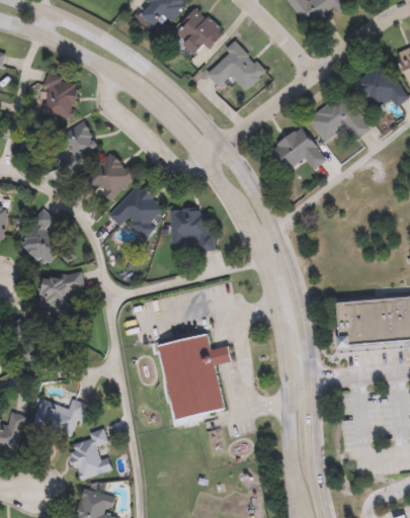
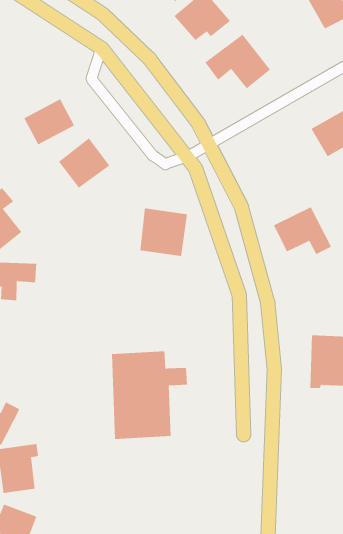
building: [46,81,75,118] -> none
building: [270,126,325,170] -> [273,206,332,255]
building: [108,185,163,238] -> none

